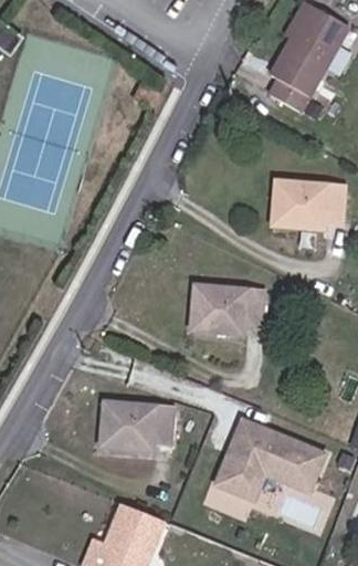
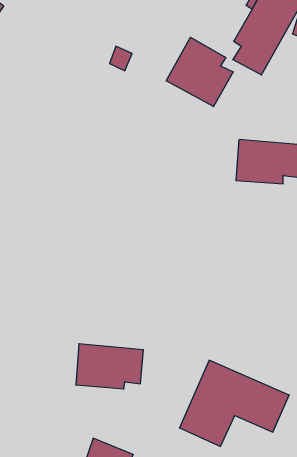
building: none -> [166,37,233,107]
building: [190,285,262,334] -> none

